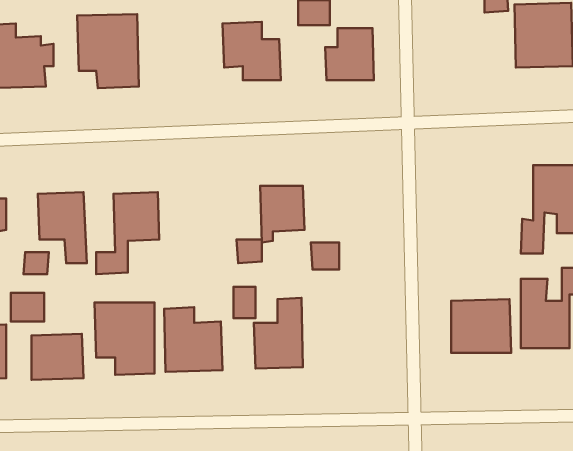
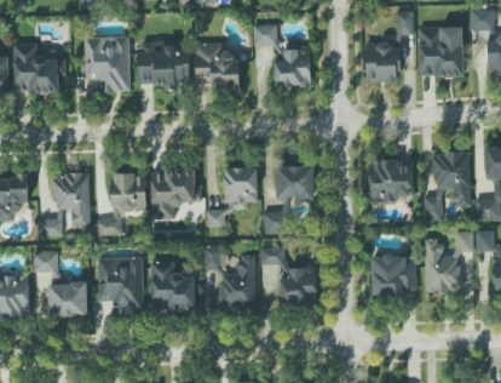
building: none -> [137,42,190,86]
building: none -> [365,44,402,81]
building: none -> [369,159,413,201]
building: none -> [276,164,315,199]
building: none -> [150,168,202,219]
building: none -> [259,246,317,303]

